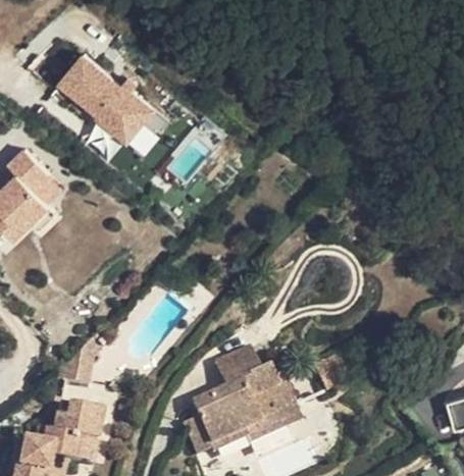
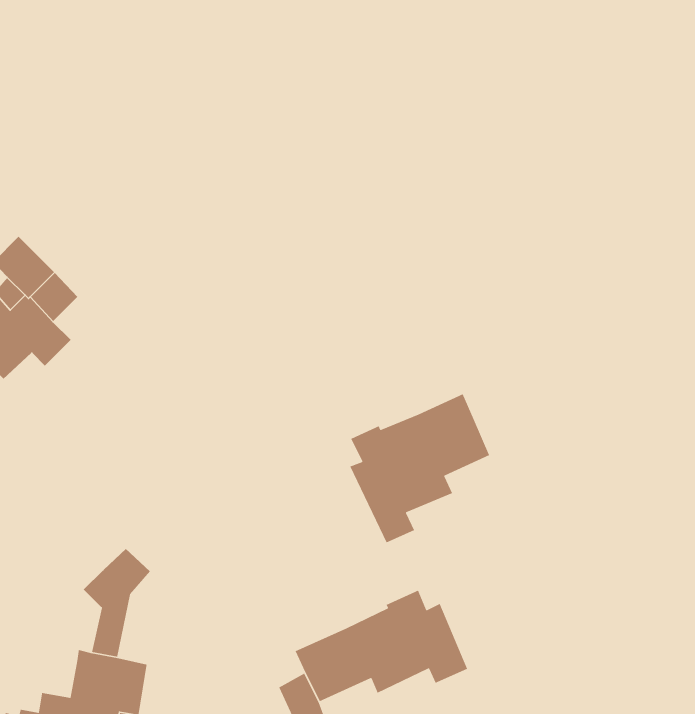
building: [58,55,157,143] -> none
building: none -> [349,393,490,544]
building: [214,351,260,392] -> none

